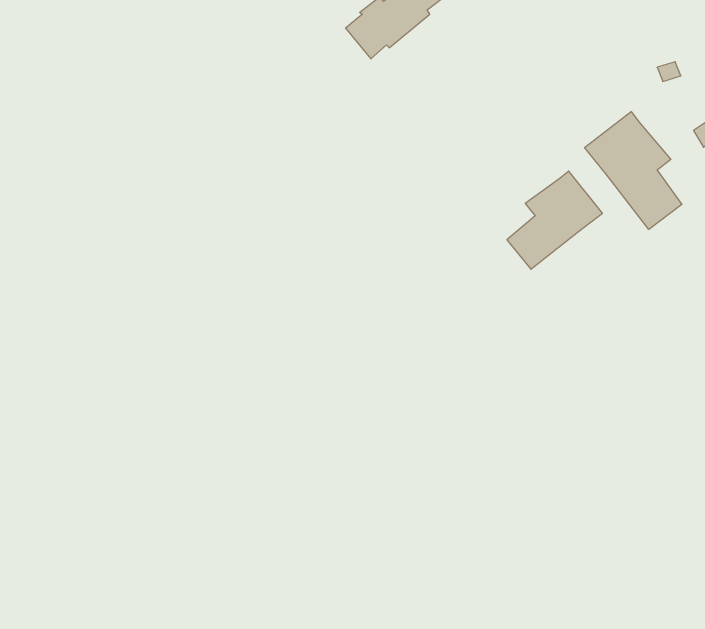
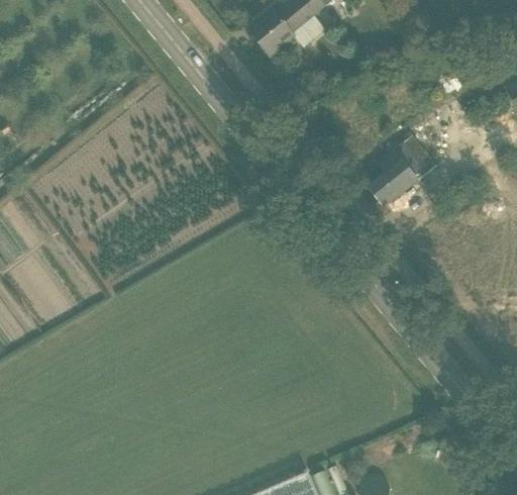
building: [585,112,682,229] -> none

